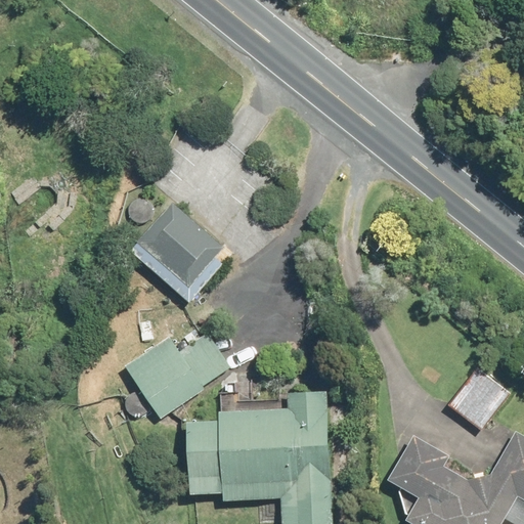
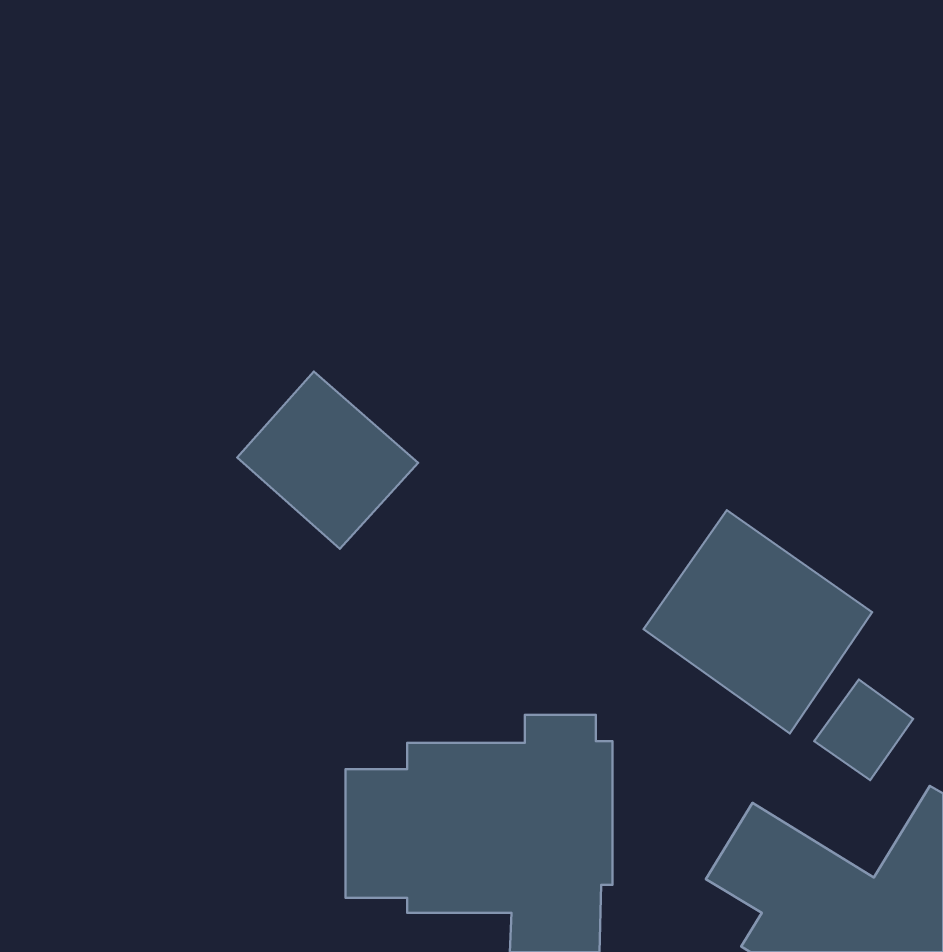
building: none -> [644,510,872,733]
building: [124,335,229,418] -> none

